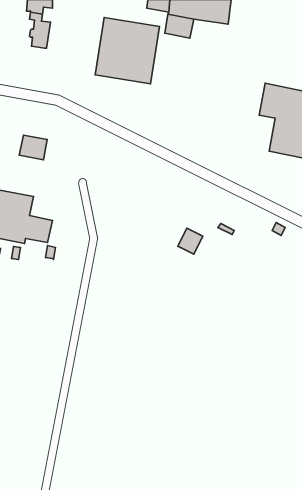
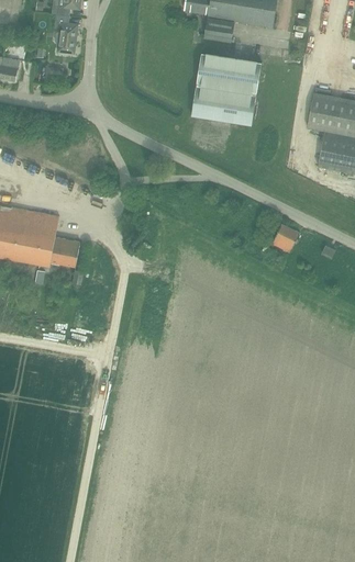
building: [95,18,159,84] -> [191,53,262,125]
building: [19,135,47,160] -> none
building: [178,228,203,254] -> [271,224,299,252]

